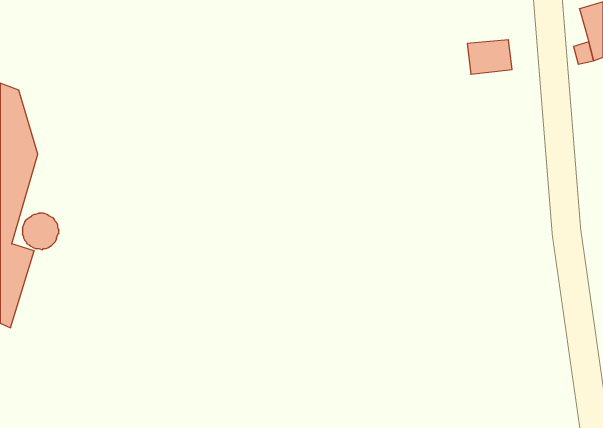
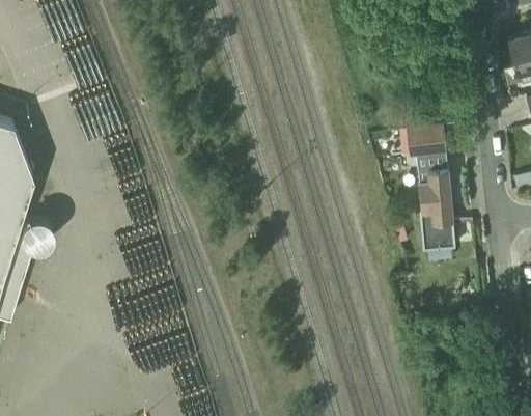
building: [467,40,512,74] -> [407,128,446,158]
building: none -> [418,171,455,252]

